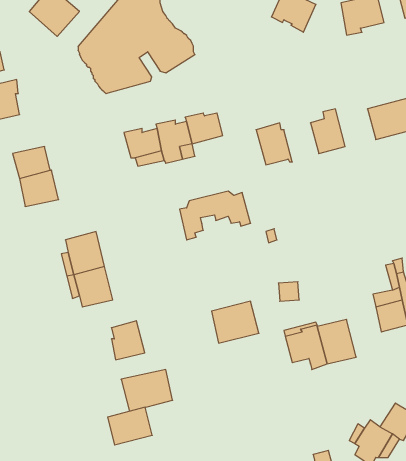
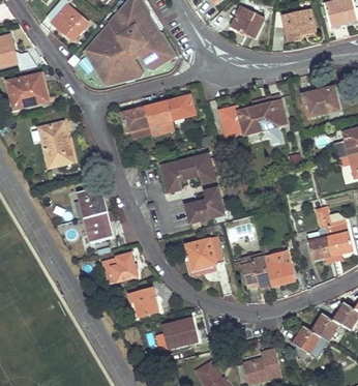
building: none -> [240,106,266,135]
building: none -> [186,188,222,222]
building: [108,407,152,445] -> [162,319,196,347]

